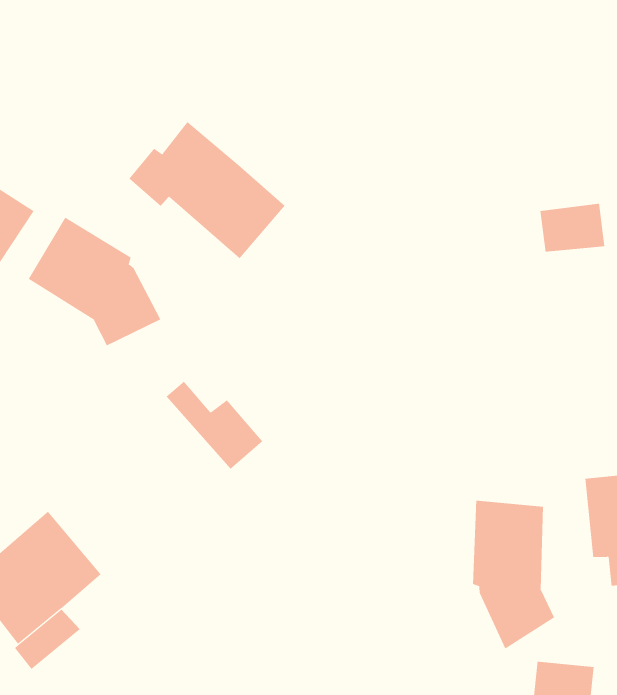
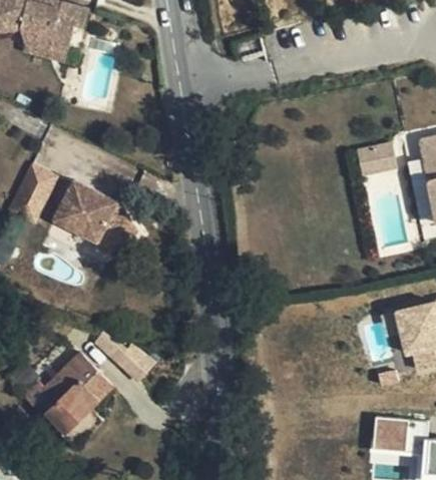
building: [129,121,285,259] -> none
building: [166,381,263,470] -> [94,332,153,382]
building: [472,500,555,649] -> none

